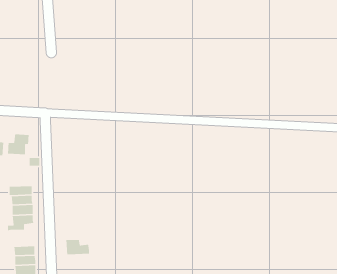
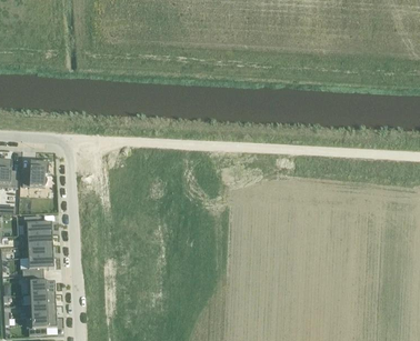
building: [65,239,90,255] -> [26,275,54,294]

